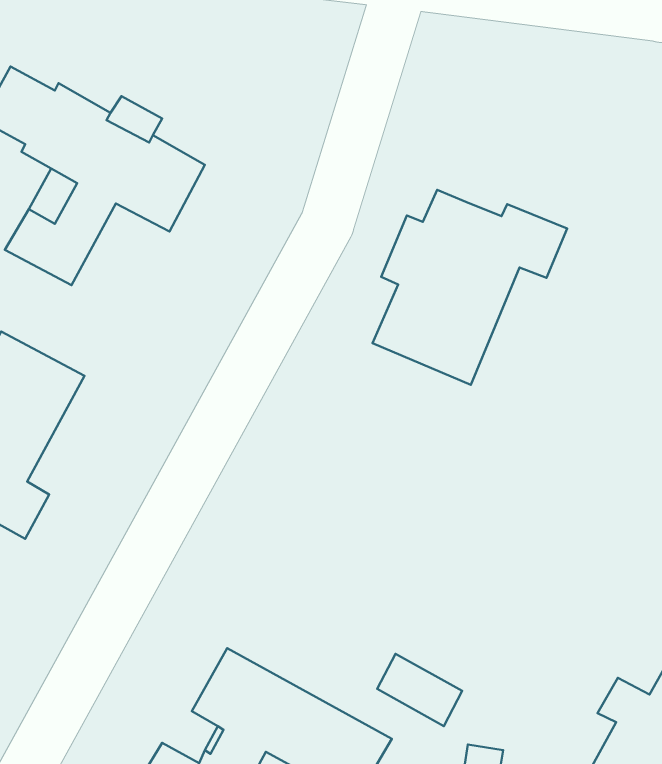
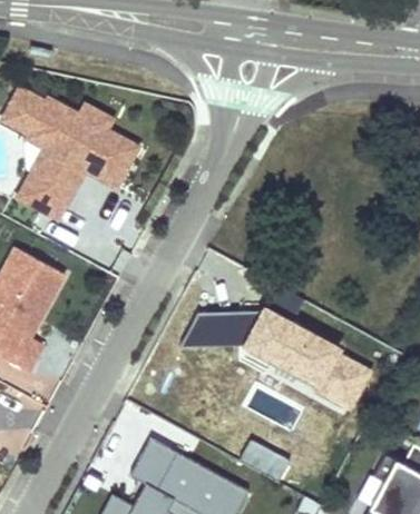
building: [372,190,567,385] -> none
building: none -> [182,312,371,415]

